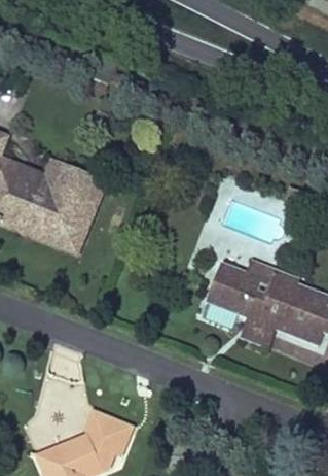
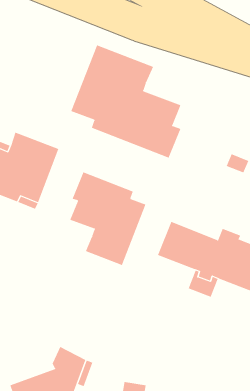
building: none -> [71,45,181,158]
building: none -> [70,171,146,266]

